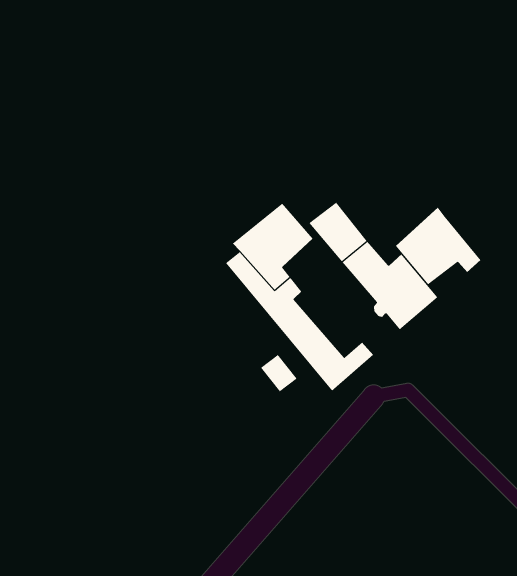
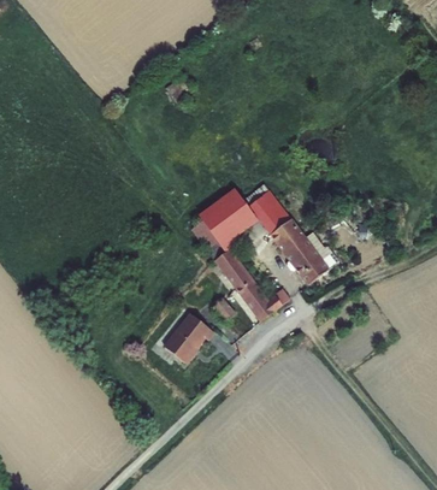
building: [395,207,481,285] -> none
building: none -> [155,308,208,353]

